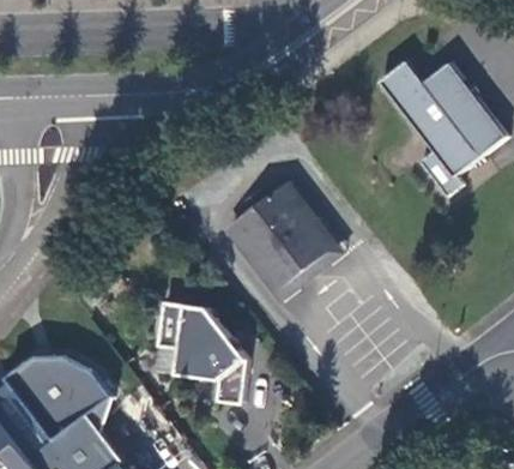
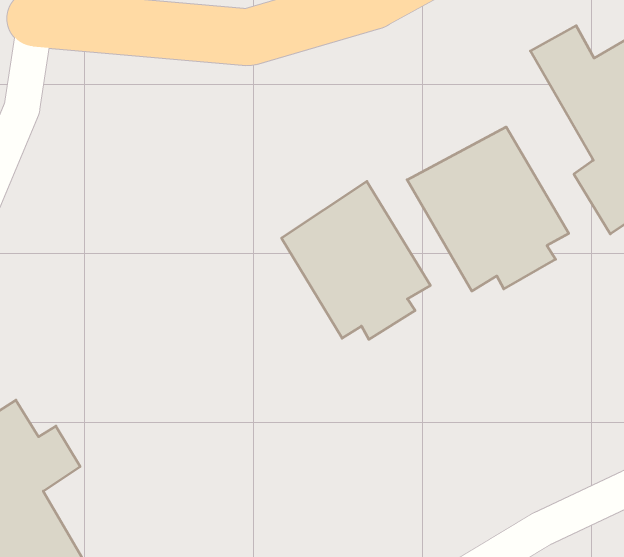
building: none -> [407,127,569,291]
building: [156,299,246,402] -> none

